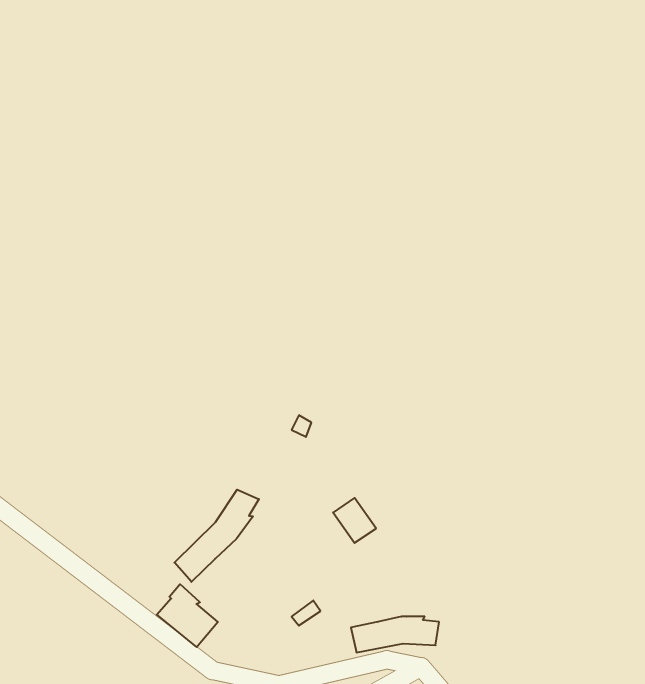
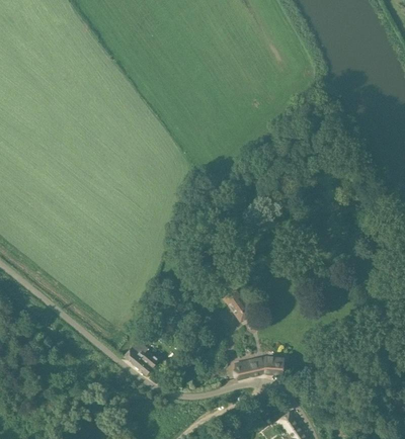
building: [174,490,259,582] -> none

